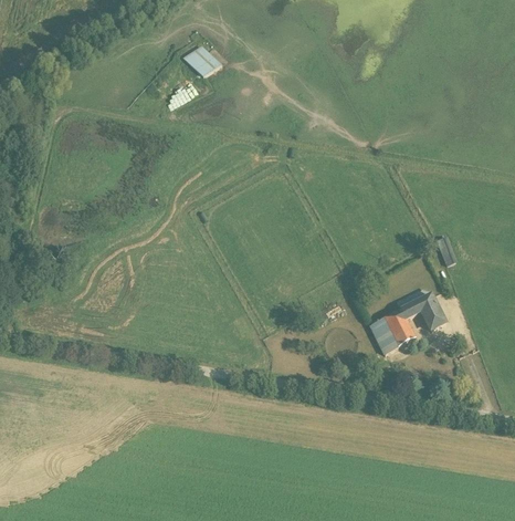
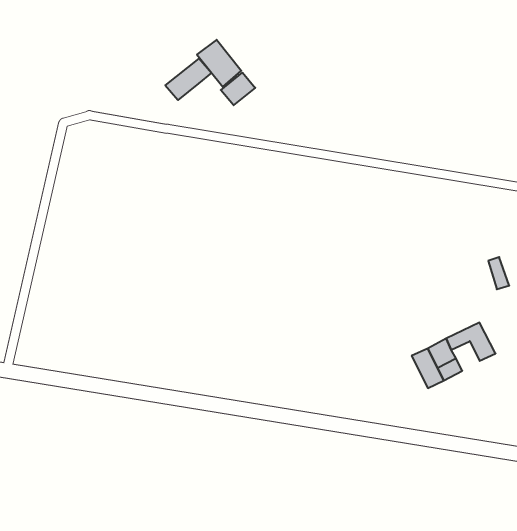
building: none -> [165,58,212,100]
building: none -> [221,73,255,105]

